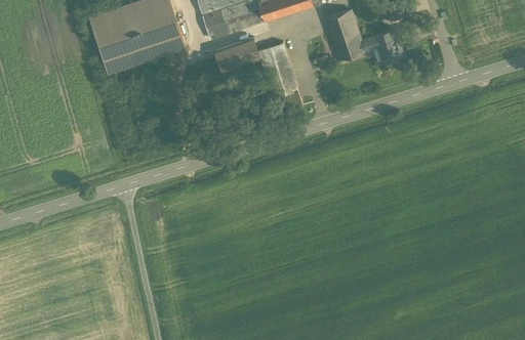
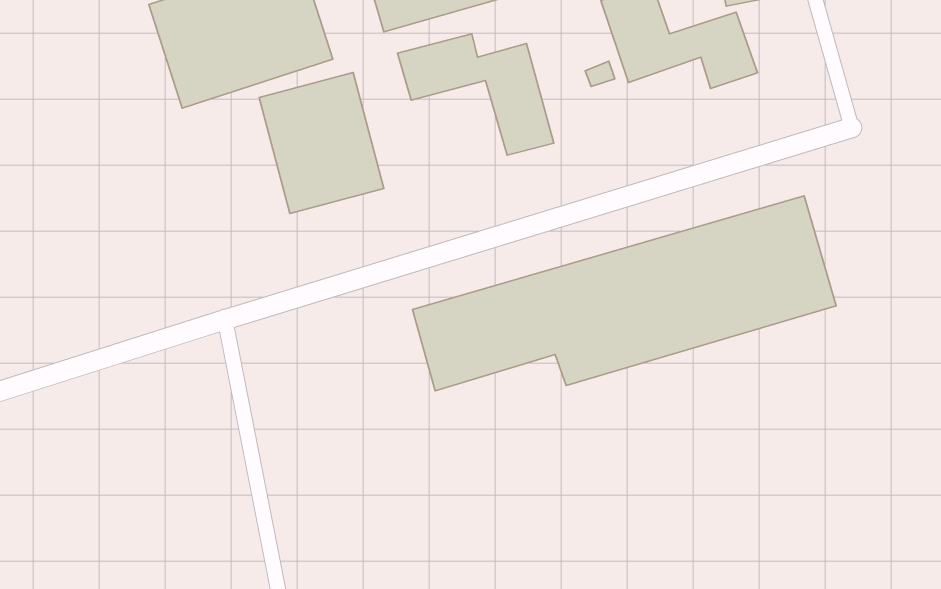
building: none -> [259,73,384,214]
building: none -> [412,196,836,391]

